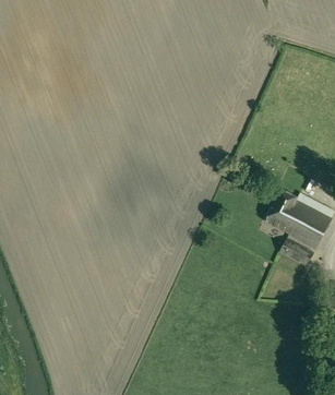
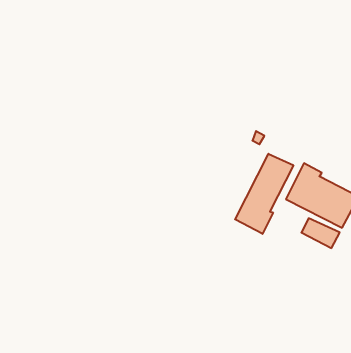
building: none -> [235,154,293,234]

